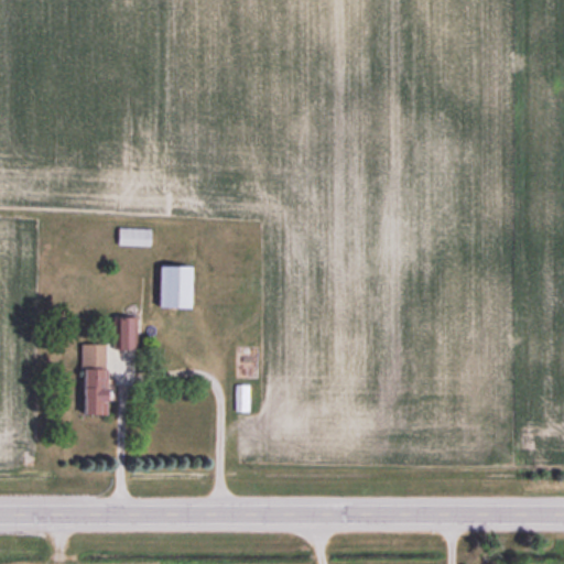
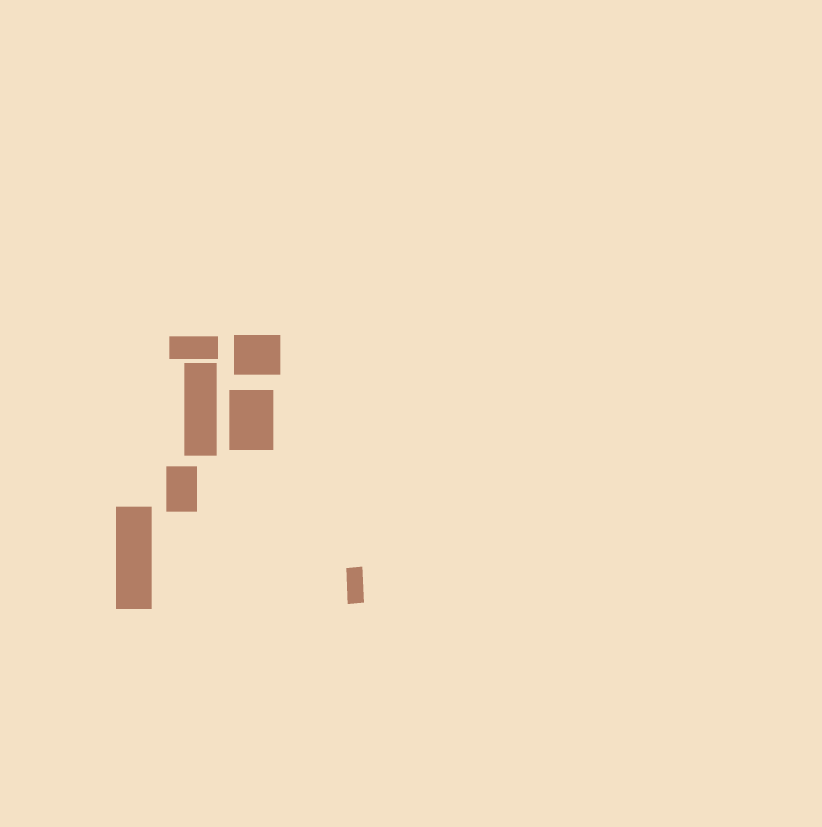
building: none -> [233,334,281,376]
building: none -> [184,362,218,456]

